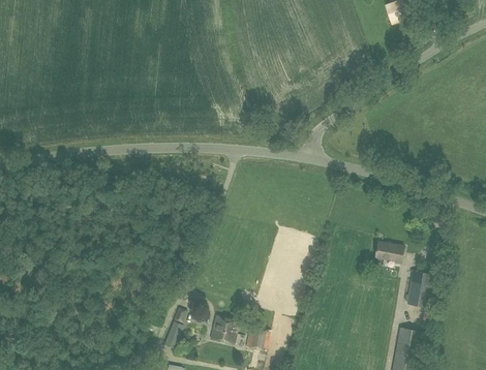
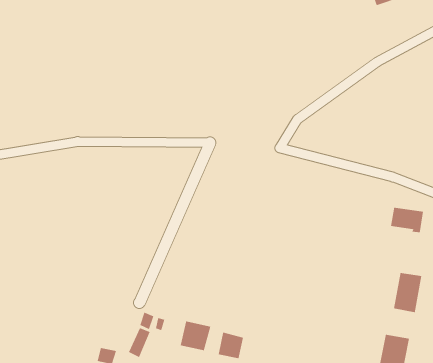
building: [373,240,404,264] -> [390,207,424,233]

